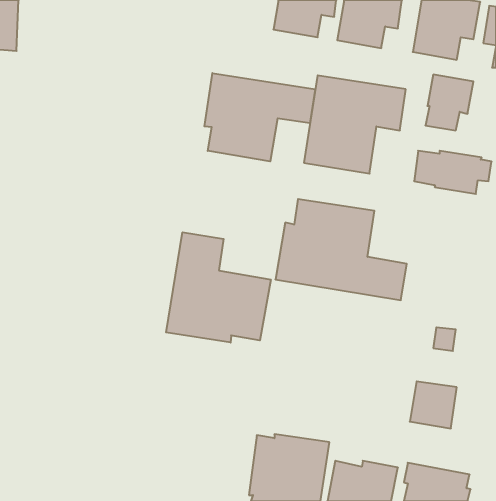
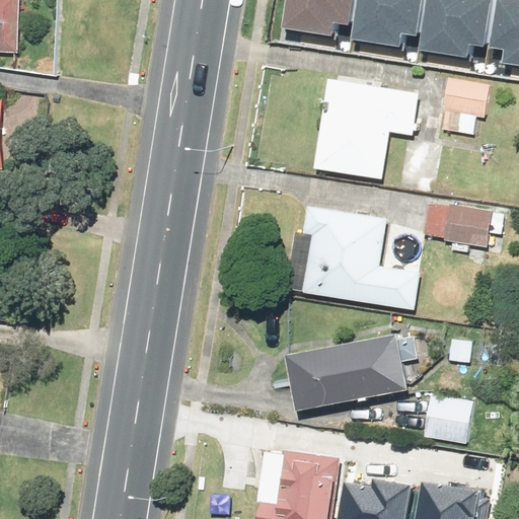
building: [204,73,315,161] -> none
building: [414,151,492,194] -> [423,203,503,247]
building: [166,232,271,343] -> none
building: none -> [288,332,418,411]

